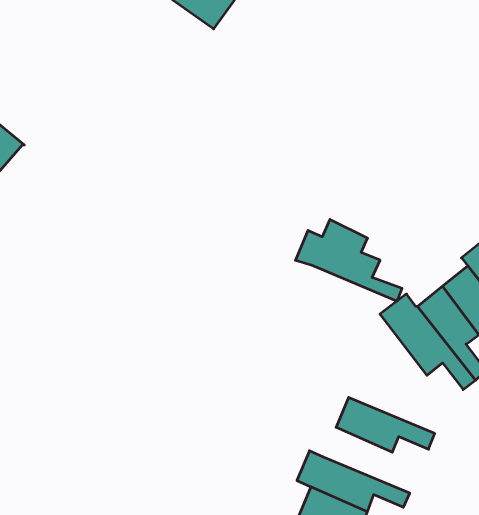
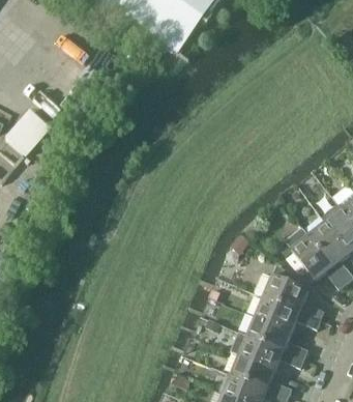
building: [295,219,402,301] -> [255,264,325,318]
building: none -> [248,314,310,357]

